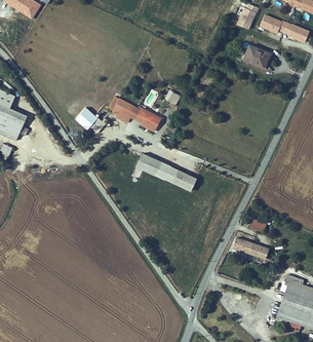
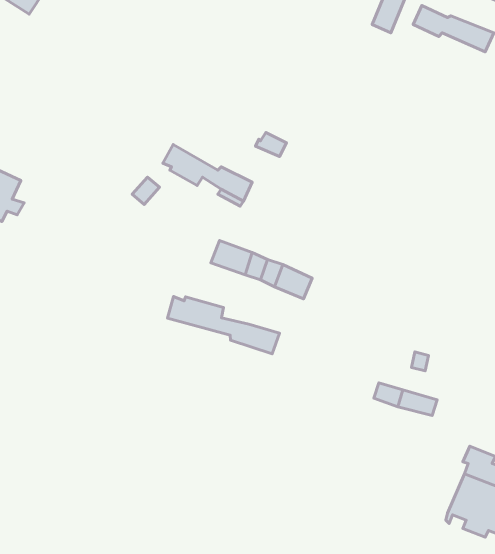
building: [241,42,270,68] -> none
building: none -> [168,296,279,354]

